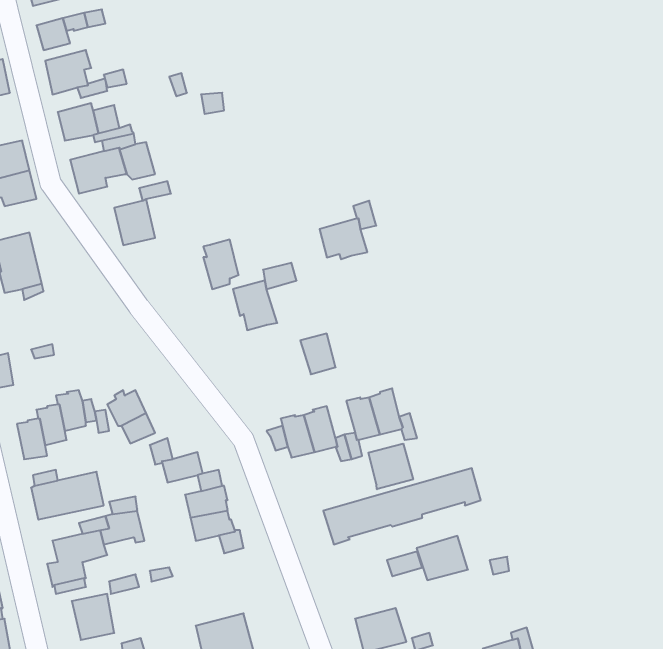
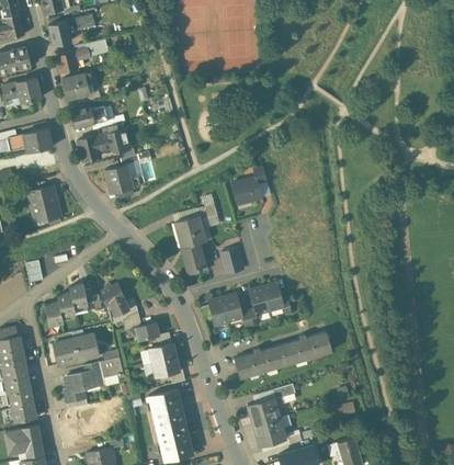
building: [203,240,239,289] -> [182,242,204,273]
building: [368,444,413,489] -> none
building: [417,536,468,580] -> [247,397,279,424]
building: none -> [147,389,184,429]

